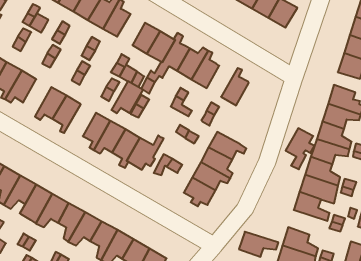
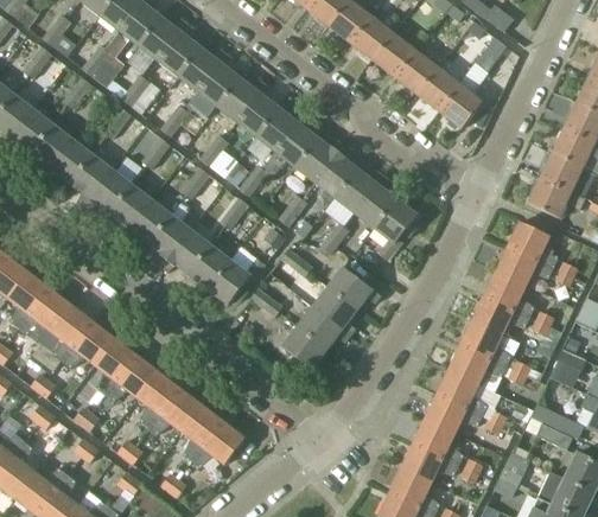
building: none -> [216,77,266,122]
building: none -> [335,170,383,215]
building: none -> [66,152,110,205]
building: [111,81,143,113] -> [120,197,170,243]
building: [286,128,315,169] -> [374,200,416,260]
building: [239,232,278,257] -> [424,392,482,432]

